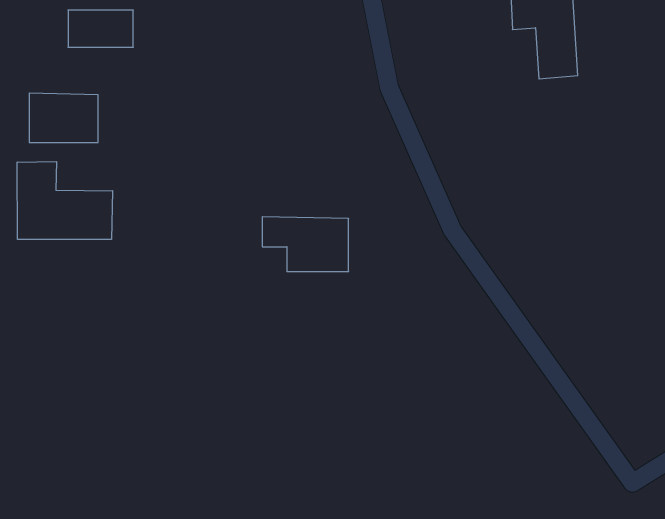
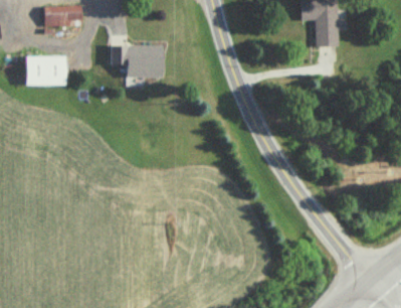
building: [17,162,113,239] -> none
building: [262,217,349,272] -> [112,45,161,76]

